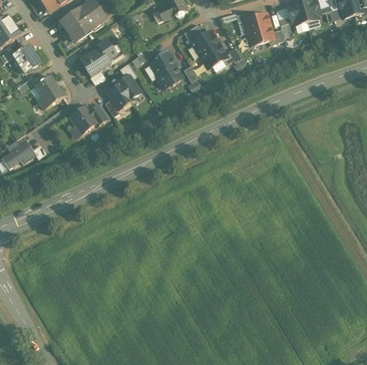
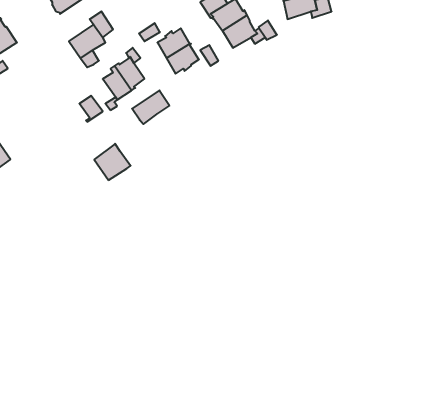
building: [35,74,64,107] -> none
building: none -> [132,90,169,124]
building: [69,103,97,131] -> [94,144,131,180]

